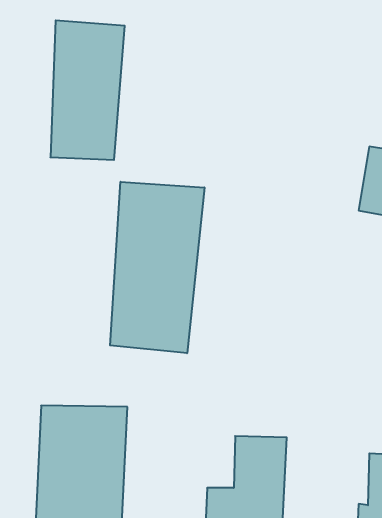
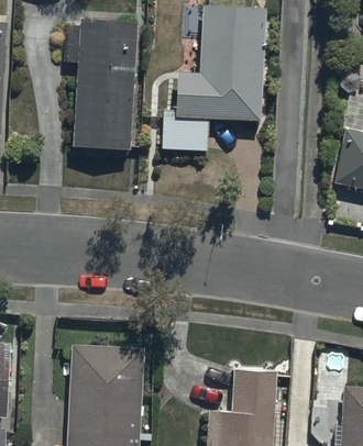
building: none -> [175,15,272,137]
building: [110,182,204,353] -> none

